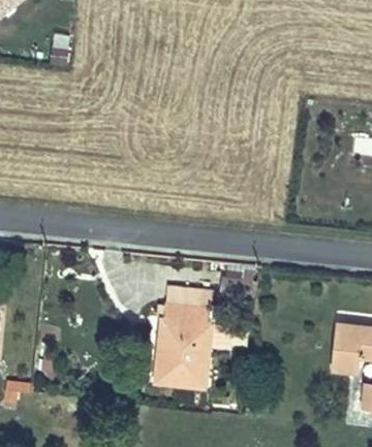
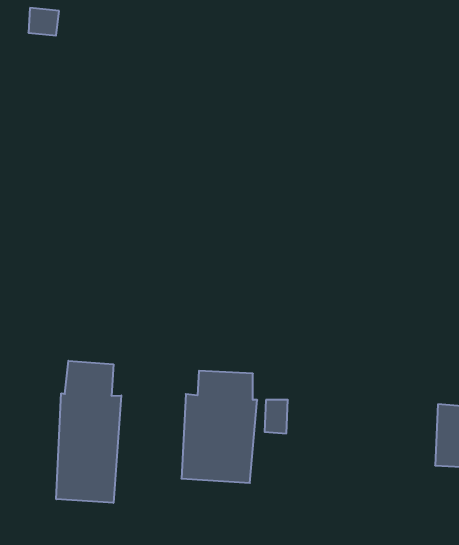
building: none -> [56,361,121,503]

